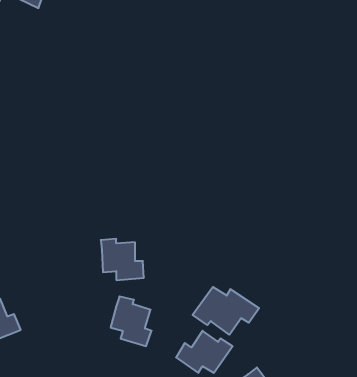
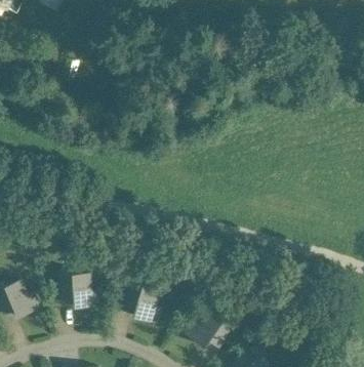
building: [101,239,144,280] -> [59,269,99,307]
building: [193,287,259,335] -> none

